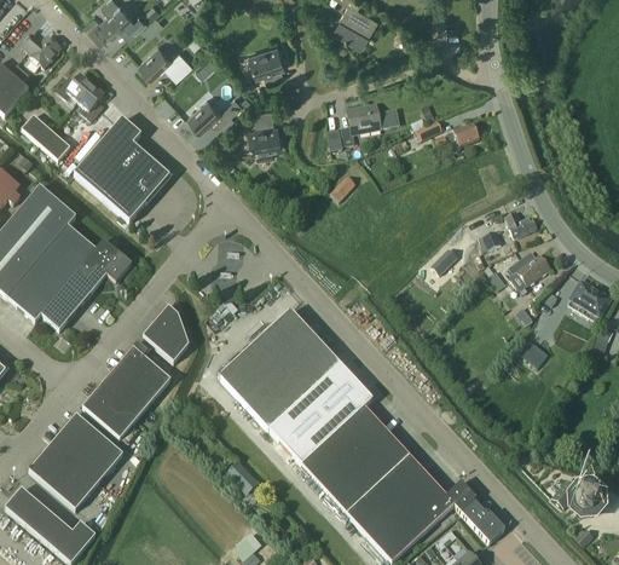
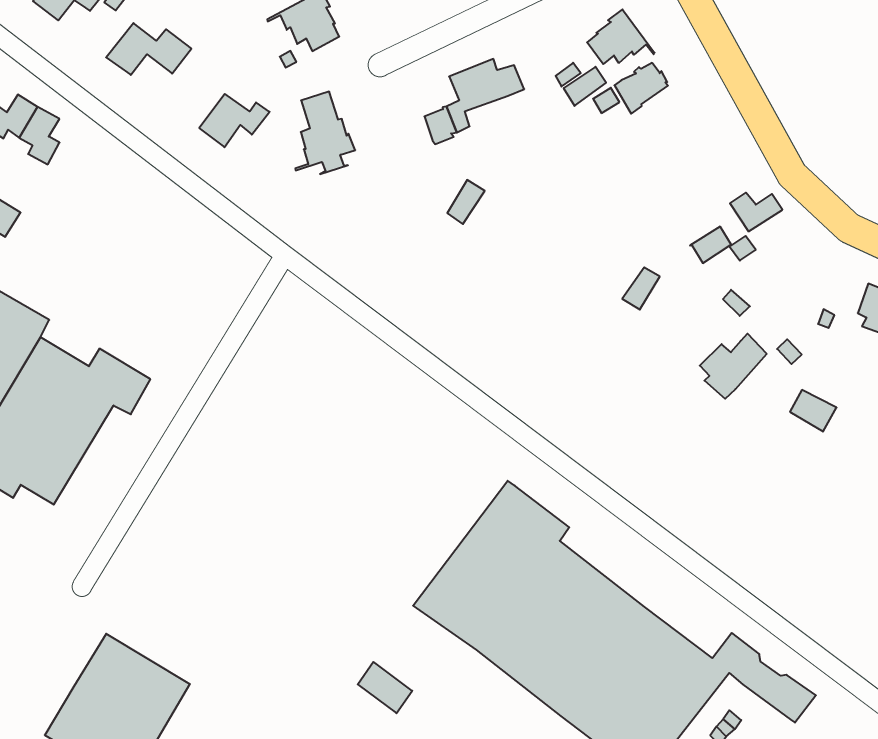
building: none -> [587,9,655,64]
building: [74,117,170,221] -> none
building: [508,252,550,289] -> [700,334,767,399]
building: [143,306,189,362] -> none
building: [219,310,340,429] -> none
building: [82,347,170,438] -> none

